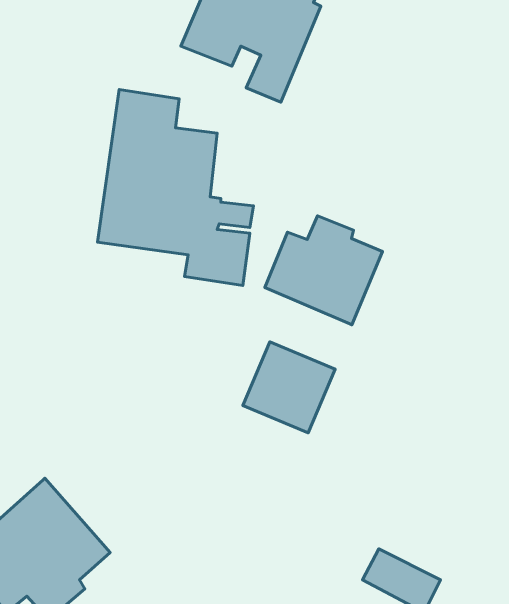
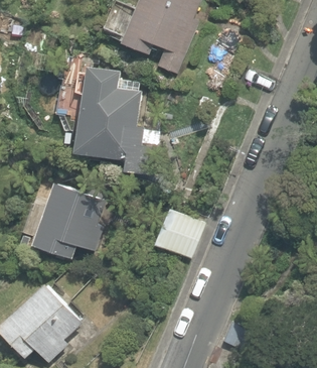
building: [265,216,382,325] -> none
building: none -> [33,182,107,259]

